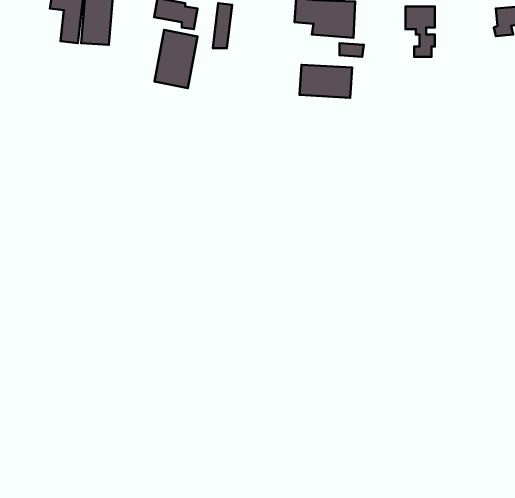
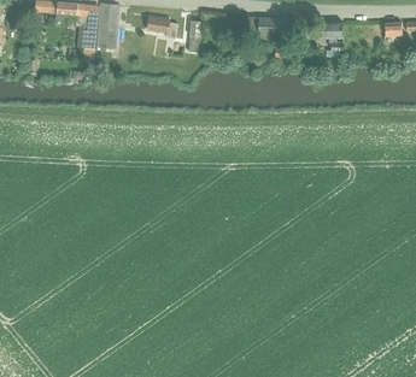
building: [154,30,197,88] -> none
building: [299,65,352,98] -> none

